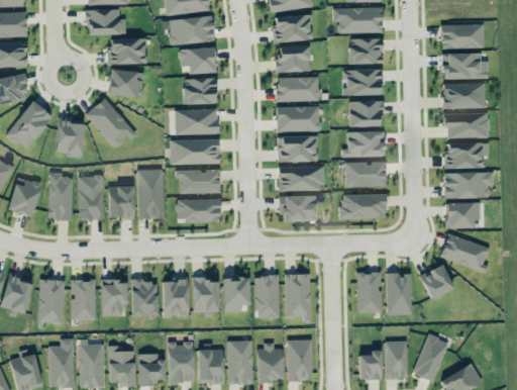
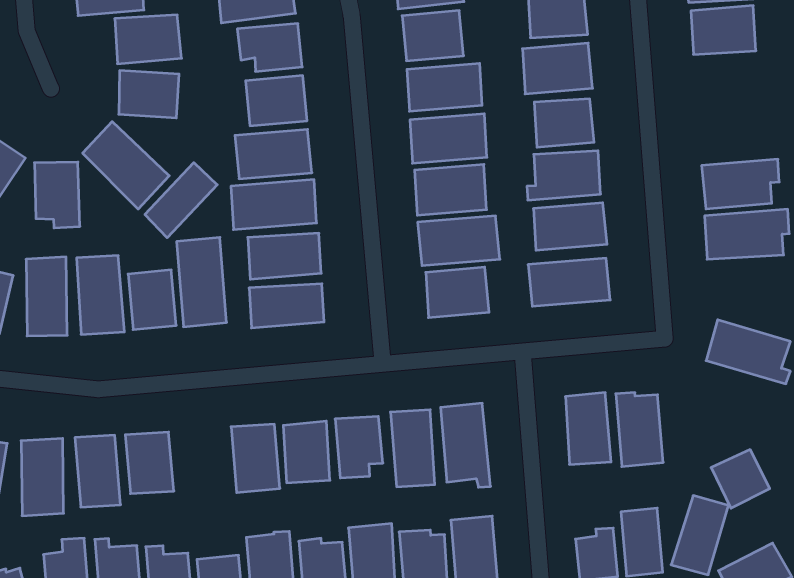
building: [442,83,485,109] -> none
building: [445,113,489,138] -> none
building: none -> [145,163,217,238]
building: [446,203,480,228] -> none
building: [420,266,453,299] -> [711,450,770,508]
building: [131,281,158,316] -> none

